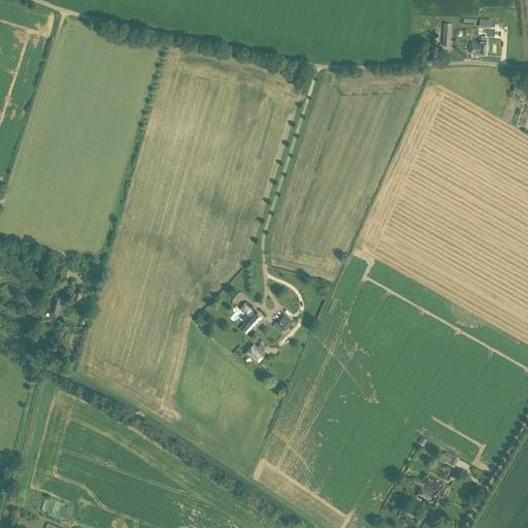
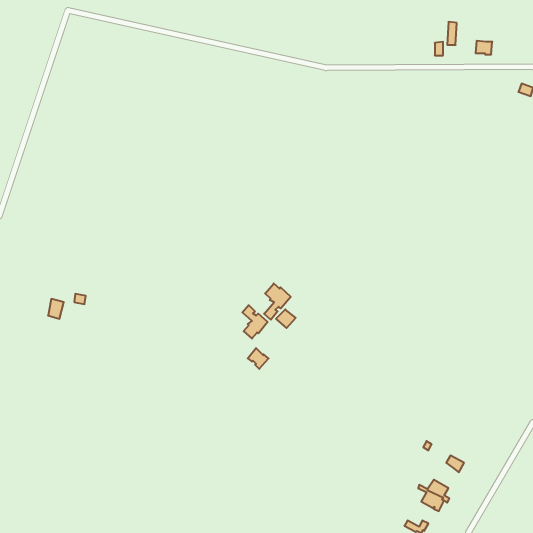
building: none -> [264,283,291,320]

